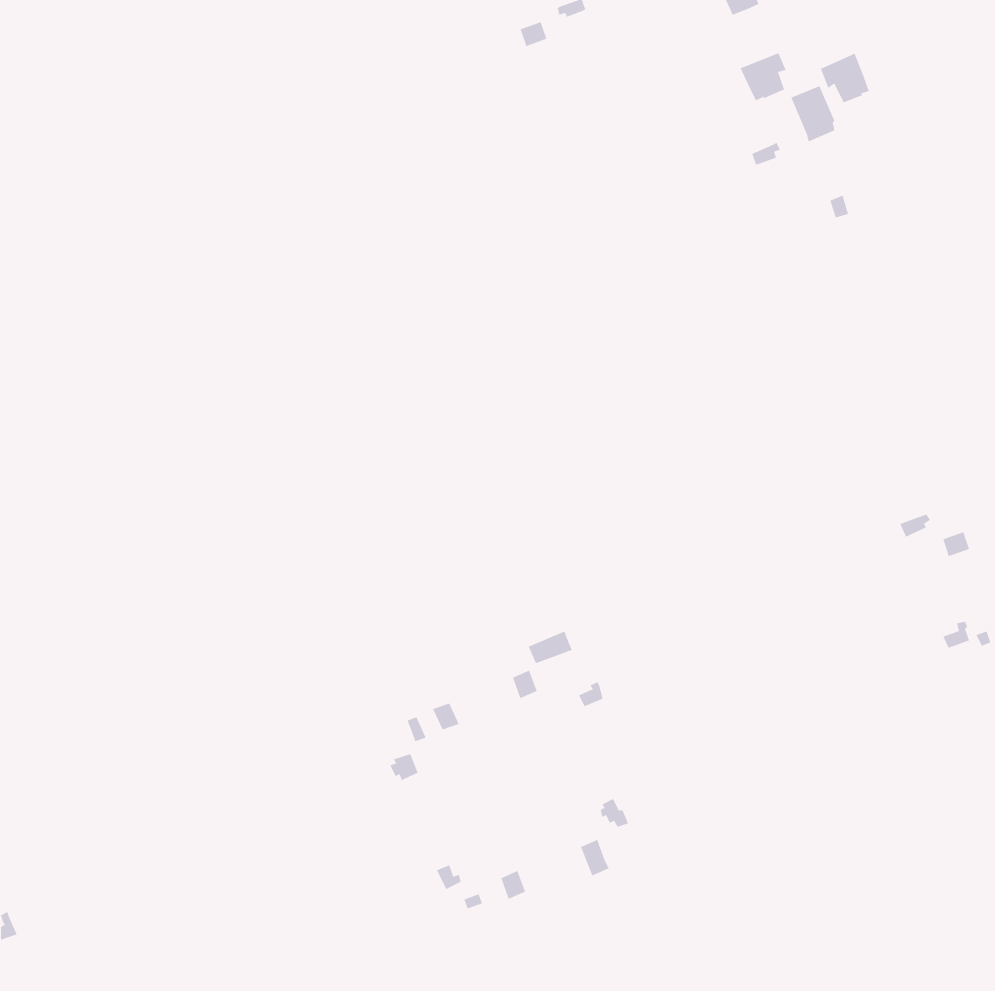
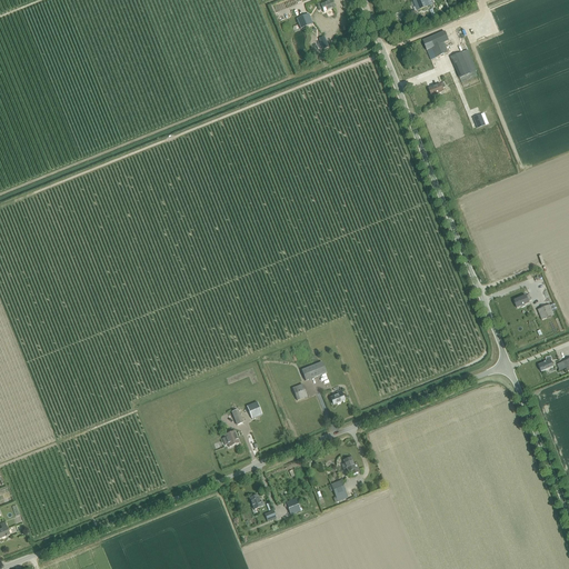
building: [820,53,869,103] -> none

